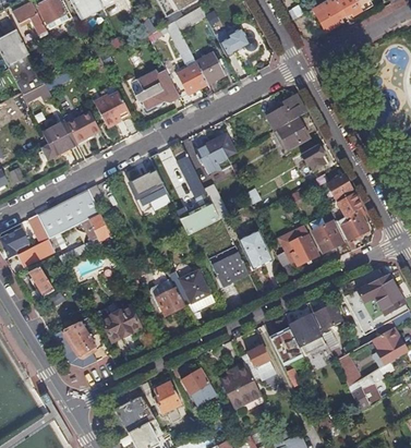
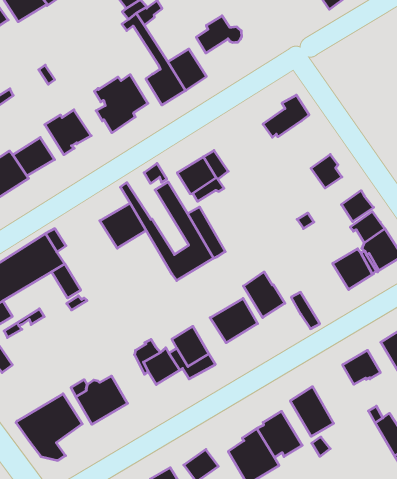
building: [277,116,310,148] -> none
building: [280,226,319,264] -> none
building: [291,313,326,355] -> none

